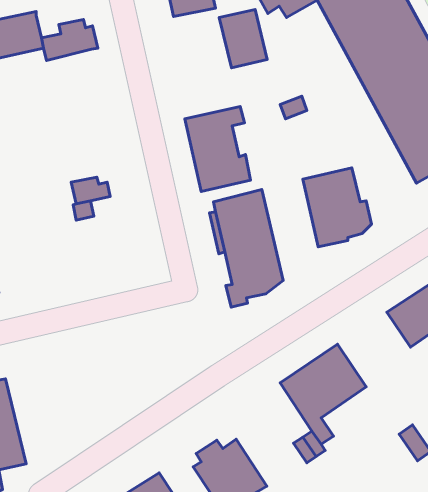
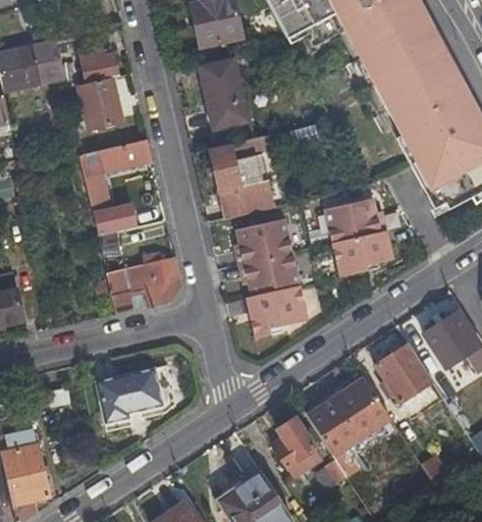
building: [219,9,267,68] -> [200,70,248,128]
building: none -> [71,79,126,130]
building: none -> [81,140,154,195]
building: none -> [105,252,181,313]
building: none -> [377,341,434,400]
building: none -> [96,367,163,424]
building: none -> [273,417,322,477]

